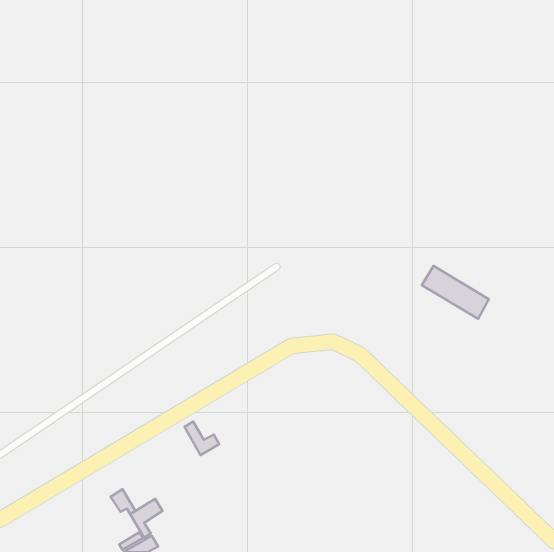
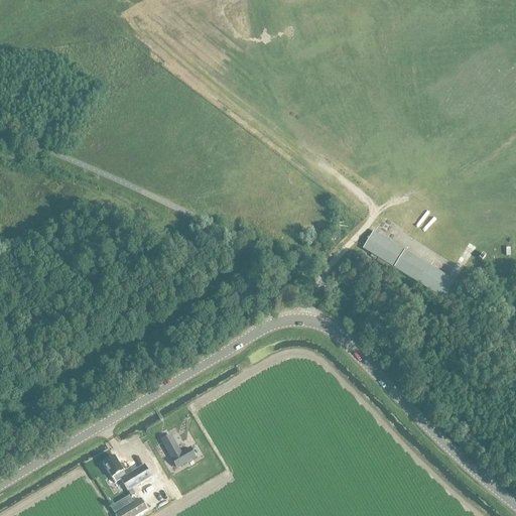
building: none -> [361,229,403,265]
building: [184,422,219,455] -> [162,434,195,466]

